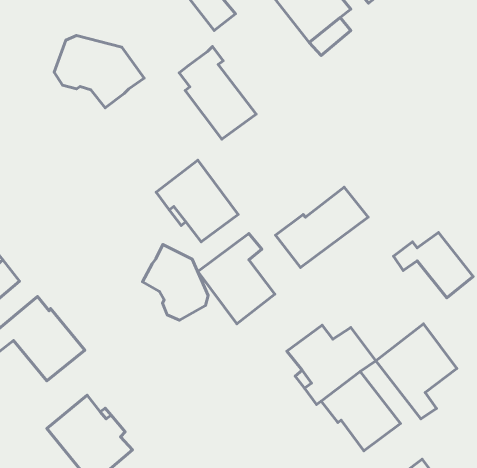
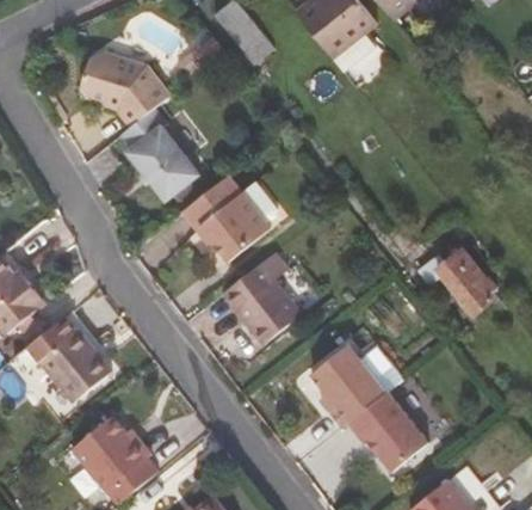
building: [179,47,256,139] -> [120,107,198,201]
building: [275,187,368,268] -> none
building: [143,244,208,320] -> none
building: [376,324,457,419] -> none

